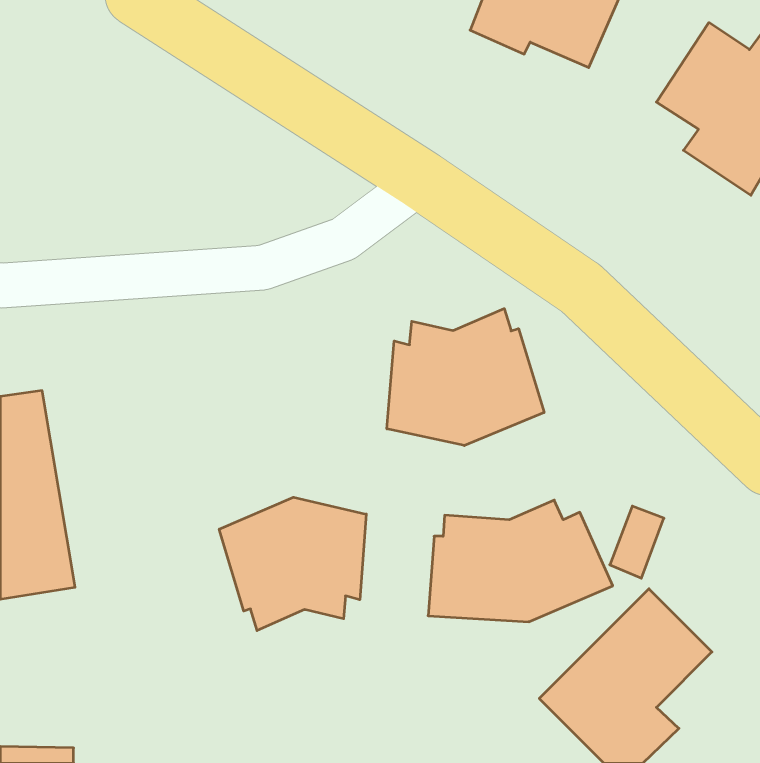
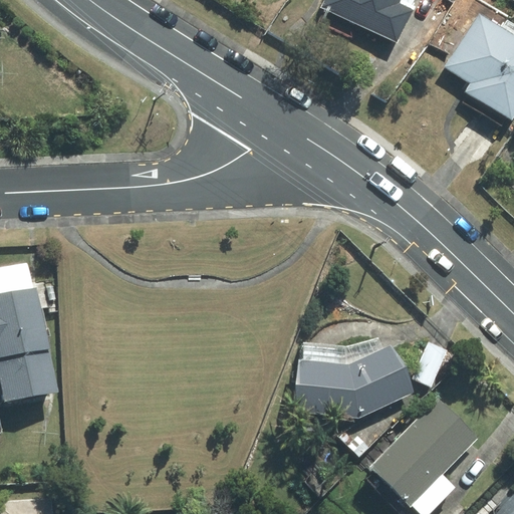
building: [387,309,544,446] -> none
building: [219,497,366,631] -> none

